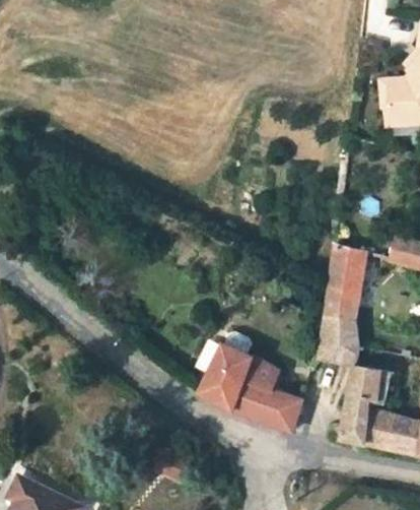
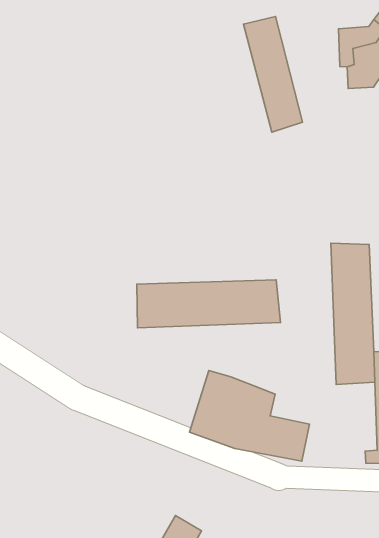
building: none -> [243,17,302,132]
building: none -> [137,280,280,328]

